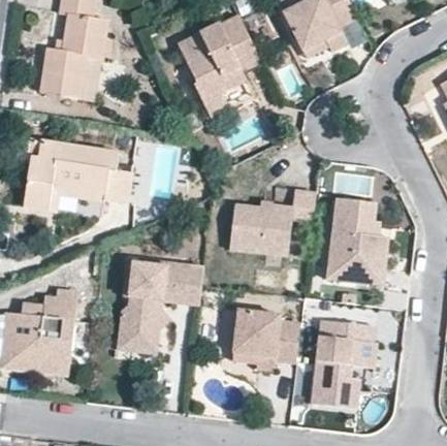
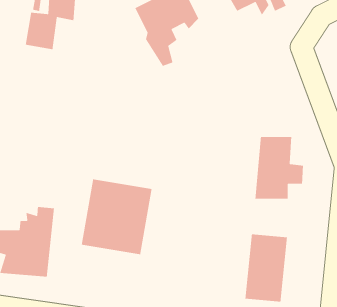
building: [24,140,121,215] -> none
building: [231,192,311,261] -> none
building: [234,314,295,365] -> none

